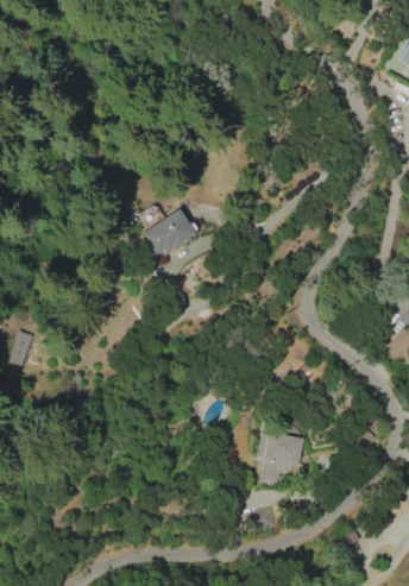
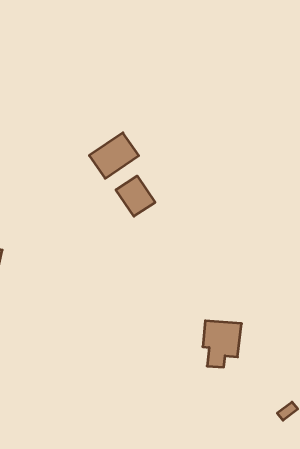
building: none -> [116,176,155,216]

